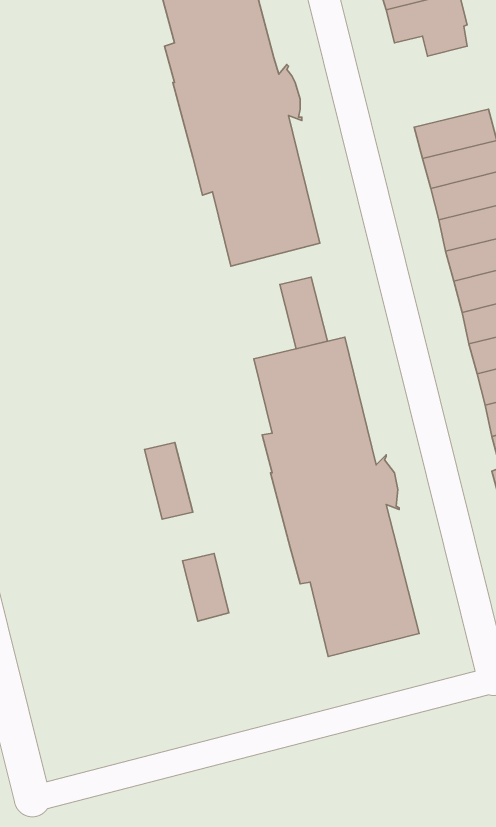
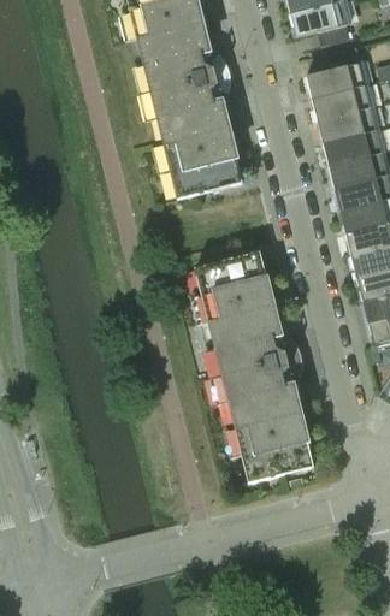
building: none -> [307,48,367,100]
building: [280,277,327,349] -> none
building: [145,442,193,519] -> none
building: [182,554,229,621] -> none

